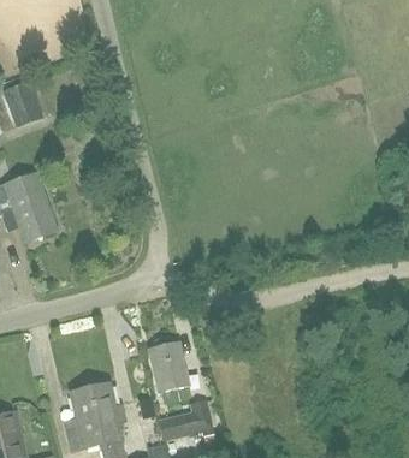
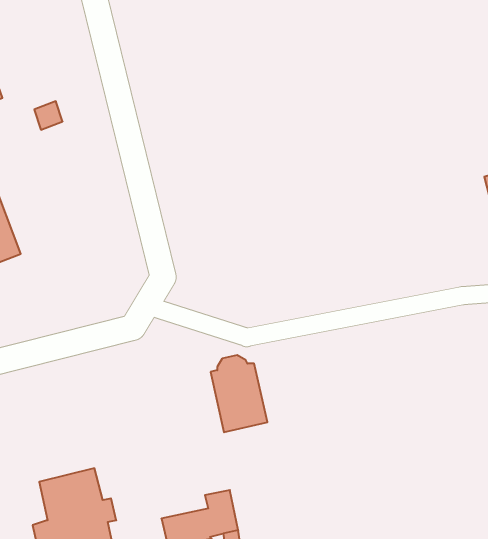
building: [148,335,189,391] -> [211,355,267,432]

